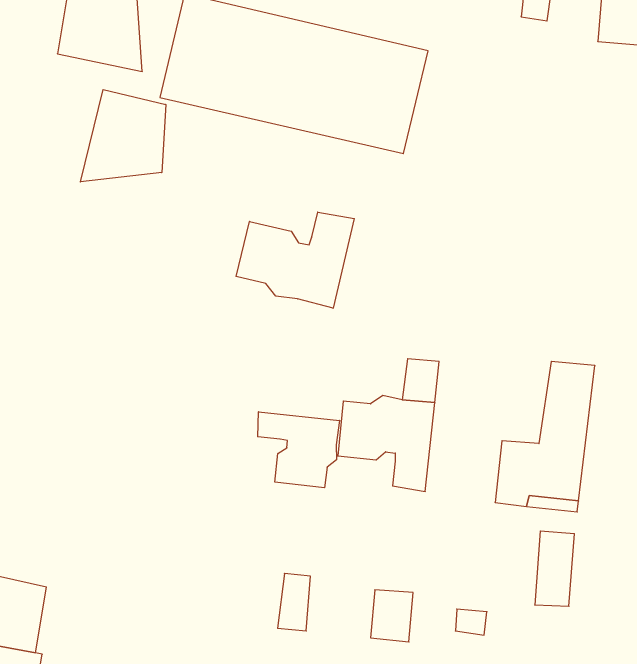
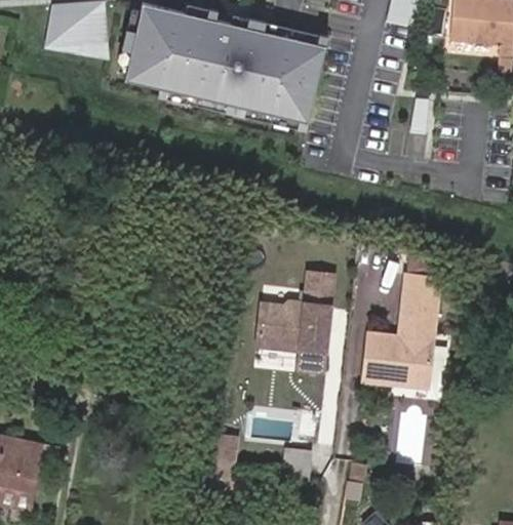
building: [80,90,166,182] -> none
building: [236,212,354,308] -> none
building: [258,412,340,488] -> none

